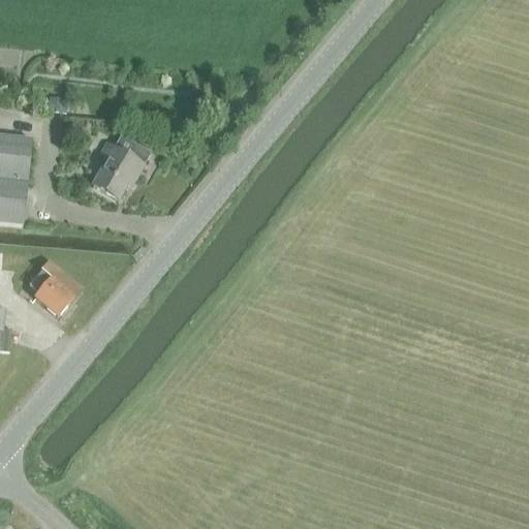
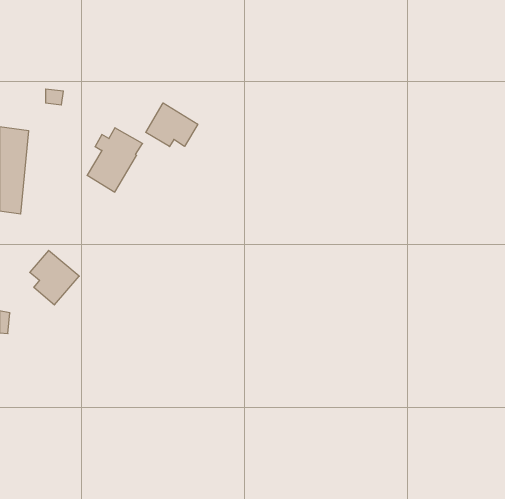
building: none -> [146,103,198,147]

